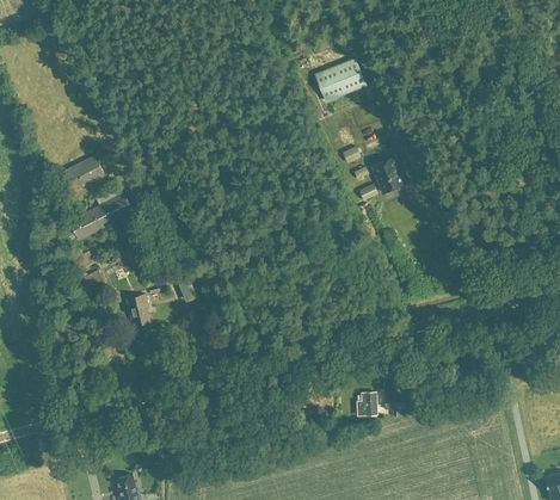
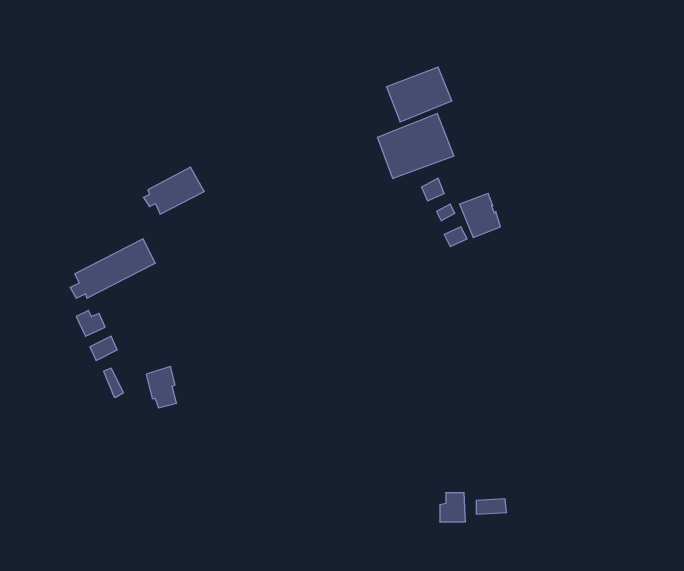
building: none -> [377,113,454,179]
building: [56,155,104,192] -> [143,167,204,214]

